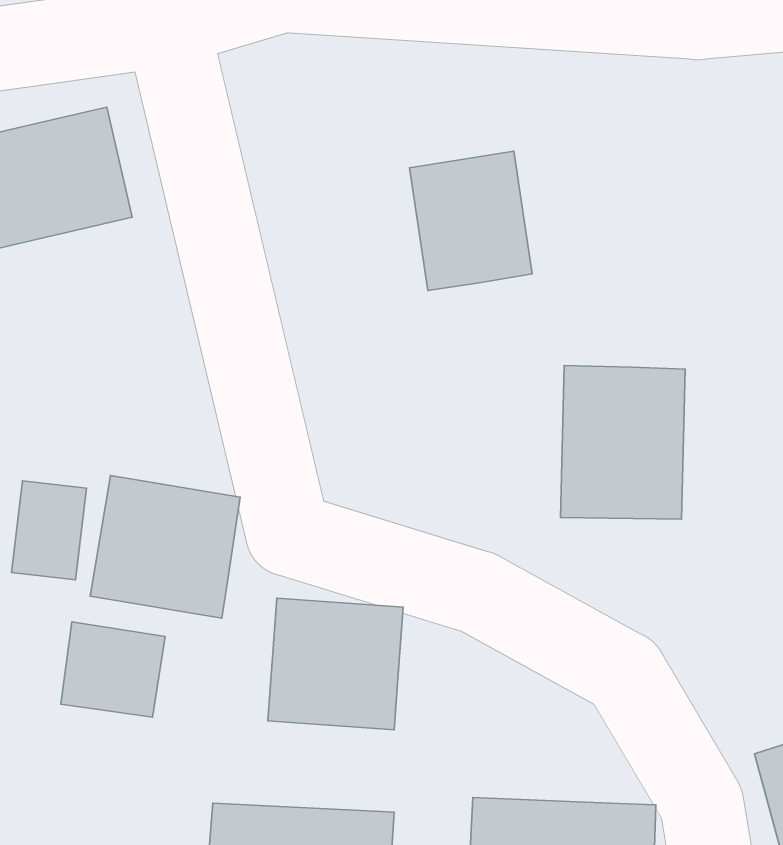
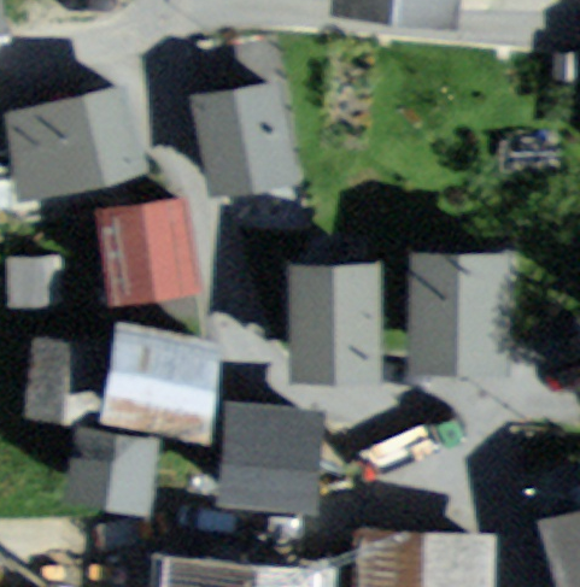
building: [409,151,532,290] -> [203,95,283,187]
building: none -> [98,207,193,295]
building: none -> [291,270,368,370]

